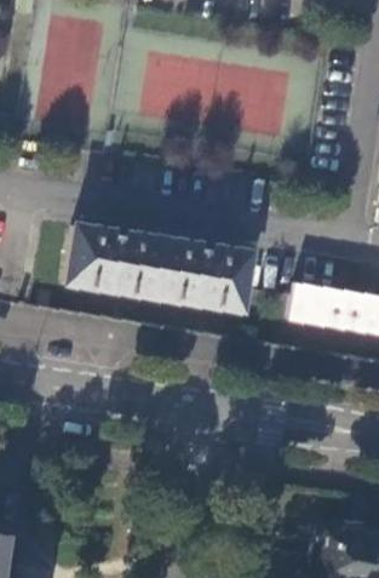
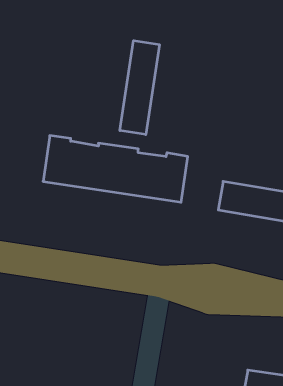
building: none -> [120,41,159,135]

